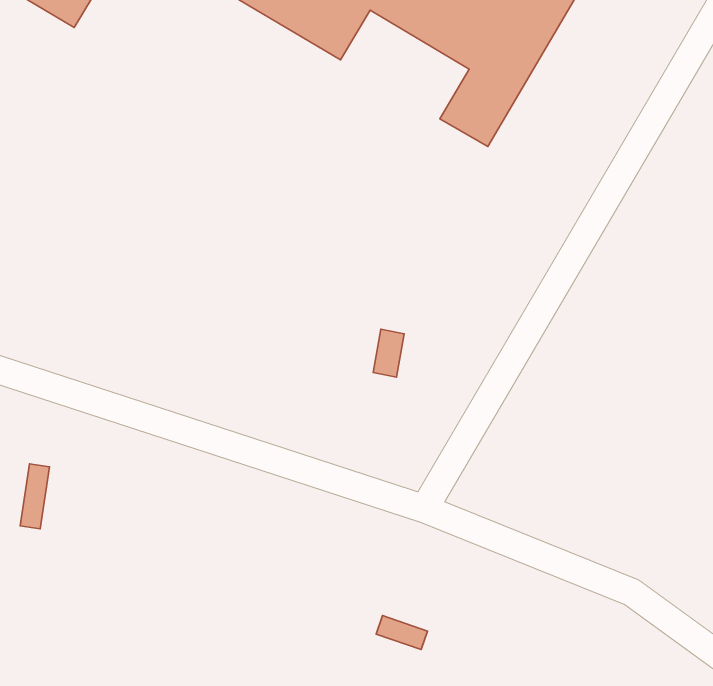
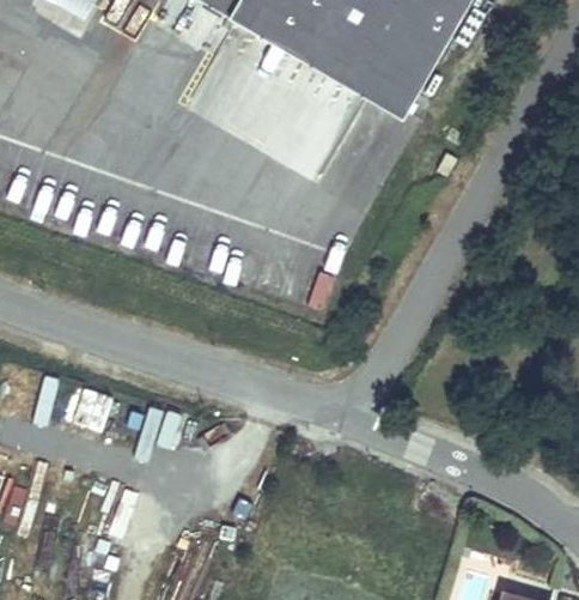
building: none -> [288,13,388,97]

